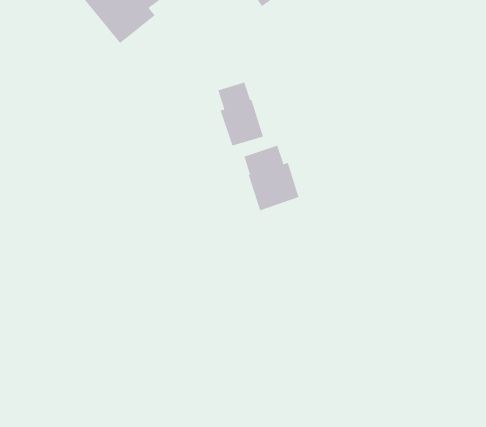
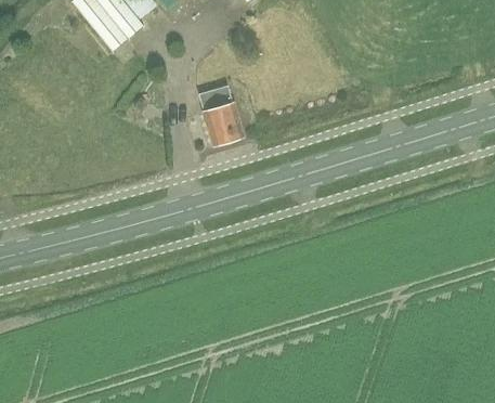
building: [244,145,299,211] -> none

